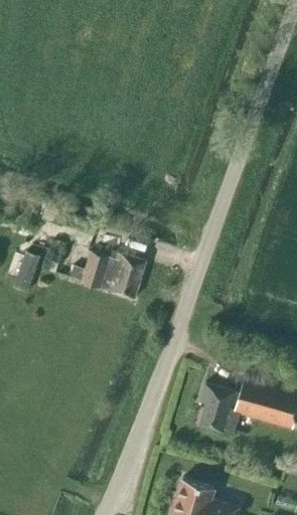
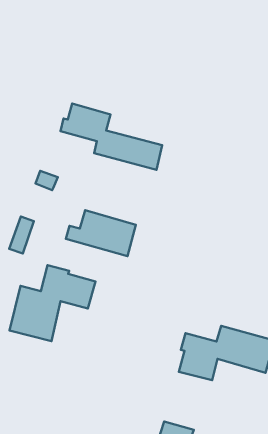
building: none -> [61,104,162,170]
building: none -> [10,265,95,341]

